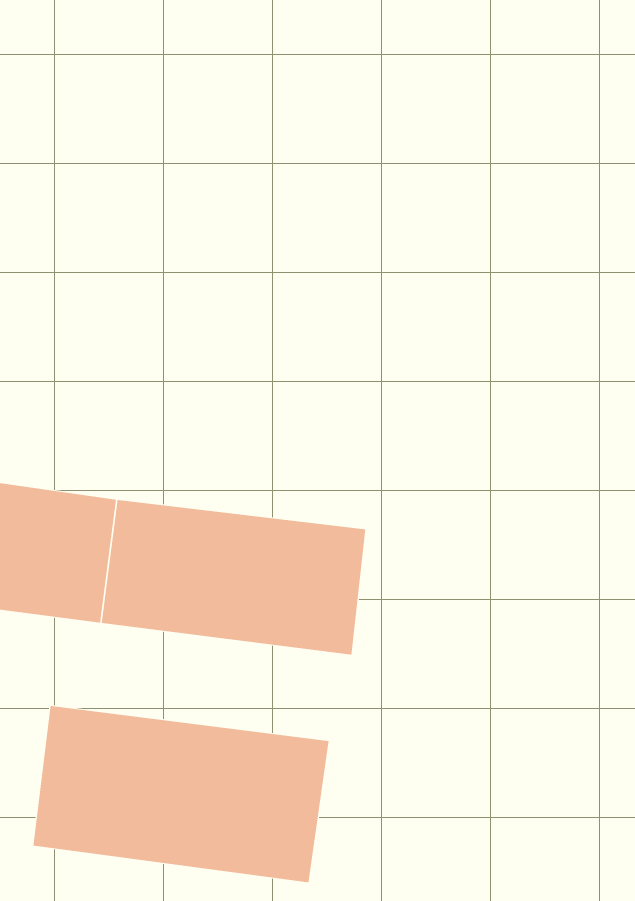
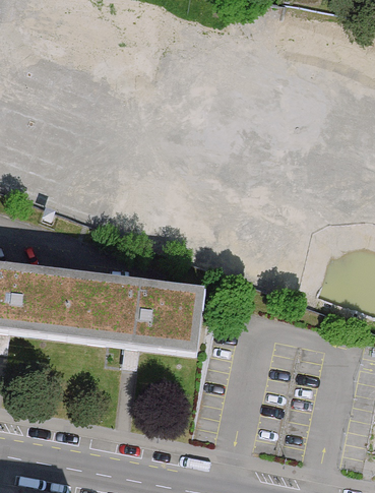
building: [33,705,329,883] -> none

